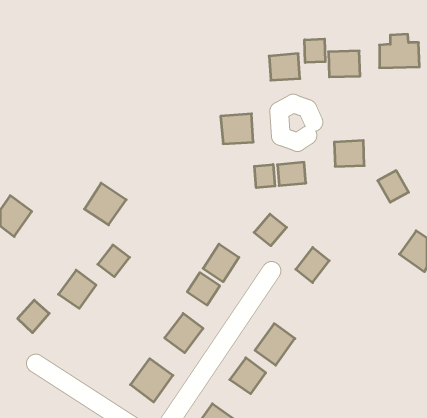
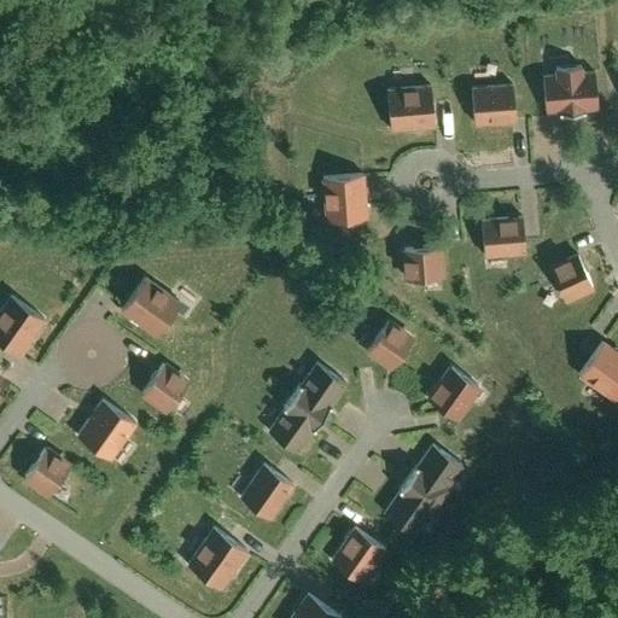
building: [305,39,325,63] -> none
building: [254,164,275,188] -> none
building: none -> [409,439,467,499]

